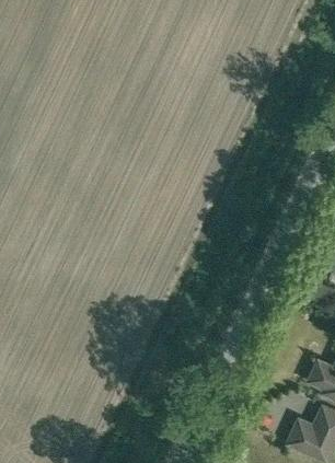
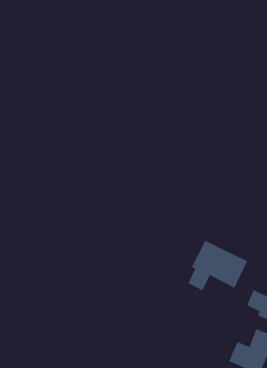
building: none -> [187,240,248,291]

